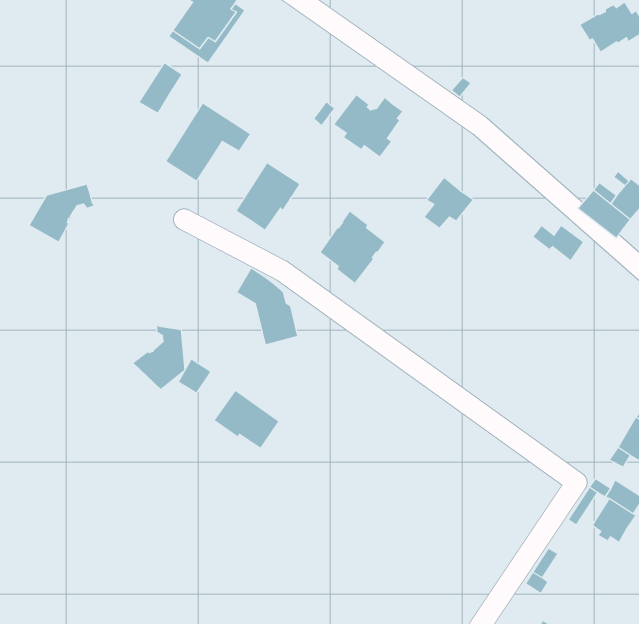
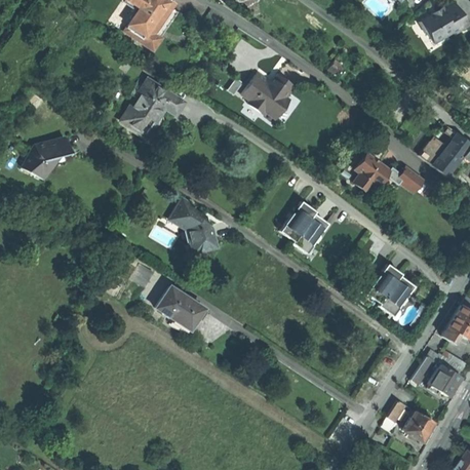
building: [139,63,182,114] -> none
building: [236,163,300,231] -> none
building: [424,177,474,228] -> [354,154,390,191]
building: [320,211,385,283] -> [280,201,327,253]
building: [133,325,185,390] -> none
building: none -> [365,264,414,316]
building: none -> [403,410,433,441]

